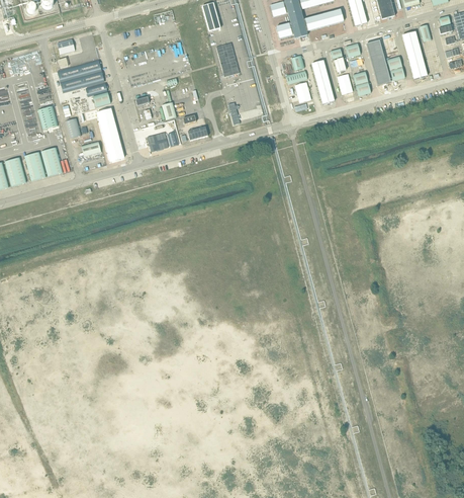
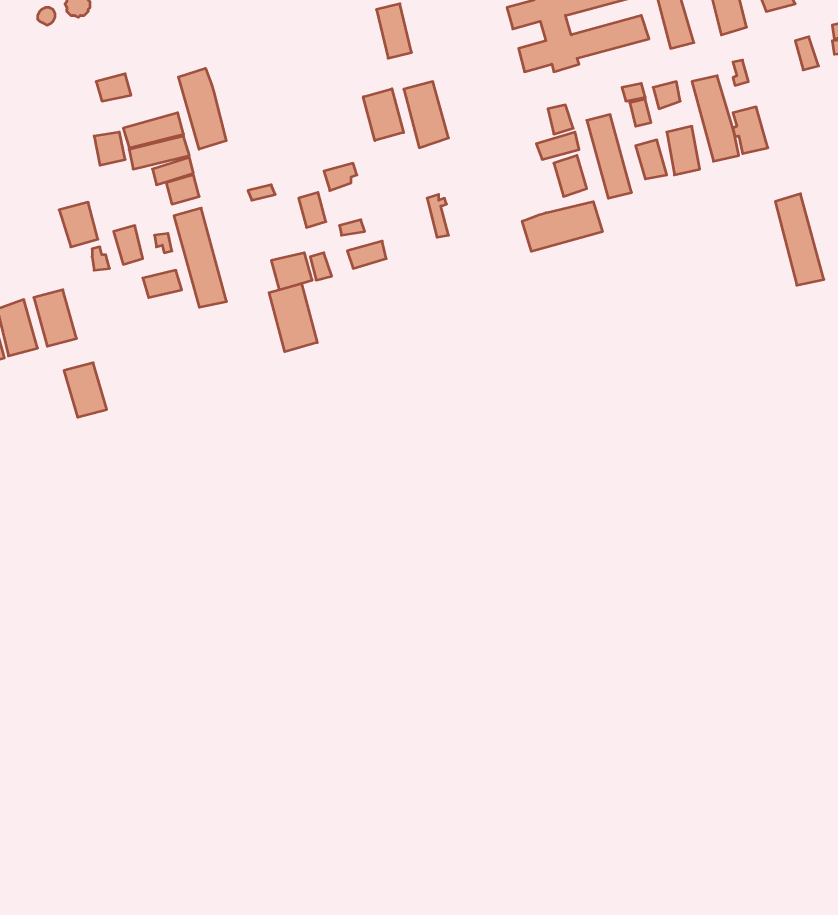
building: [402,30,428,78] -> [775,194,824,285]
building: none -> [178,68,226,149]
building: none -> [363,89,404,141]
building: none -> [522,202,602,251]
building: [40,147,63,175] -> [64,363,107,417]
building: none -> [269,283,317,352]

